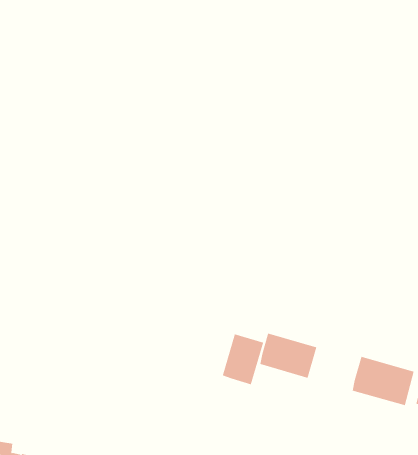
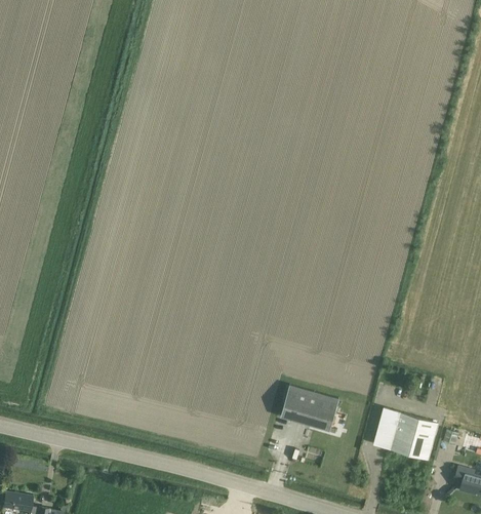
building: [222,333,264,385] -> none

